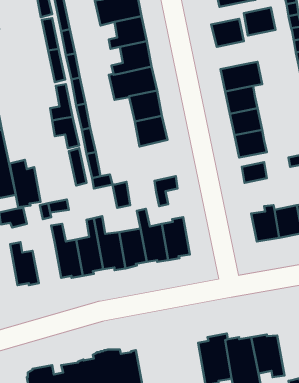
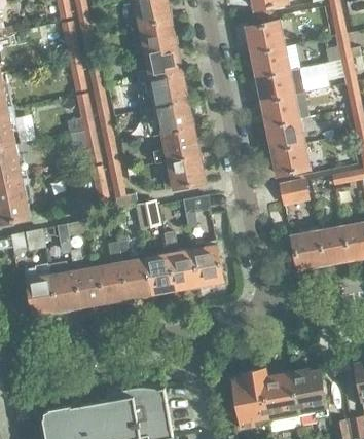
building: [244,7,276,35] -> [253,46,288,77]
building: none -> [162,155,204,190]
building: [10,160,41,207] -> [47,261,81,314]

